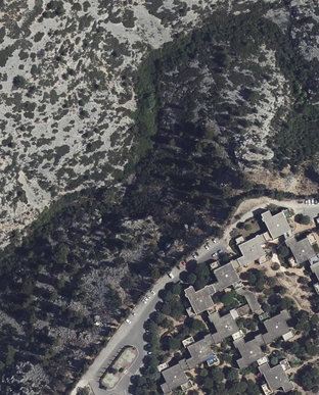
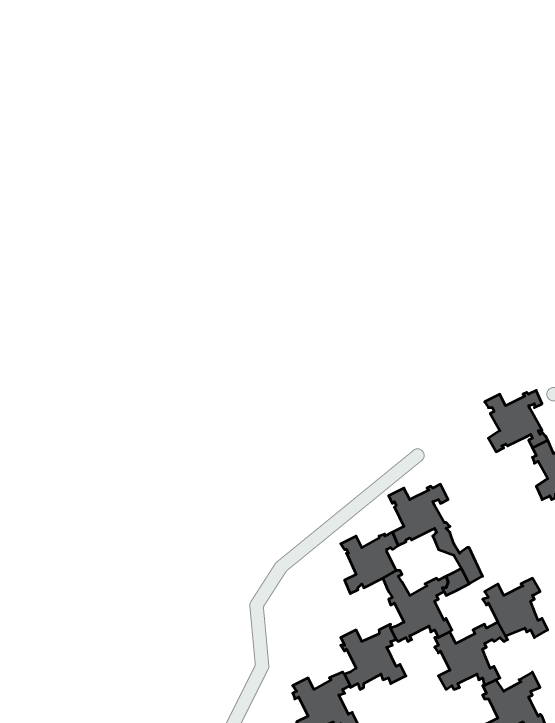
building: [235,234,268,266] -> none

